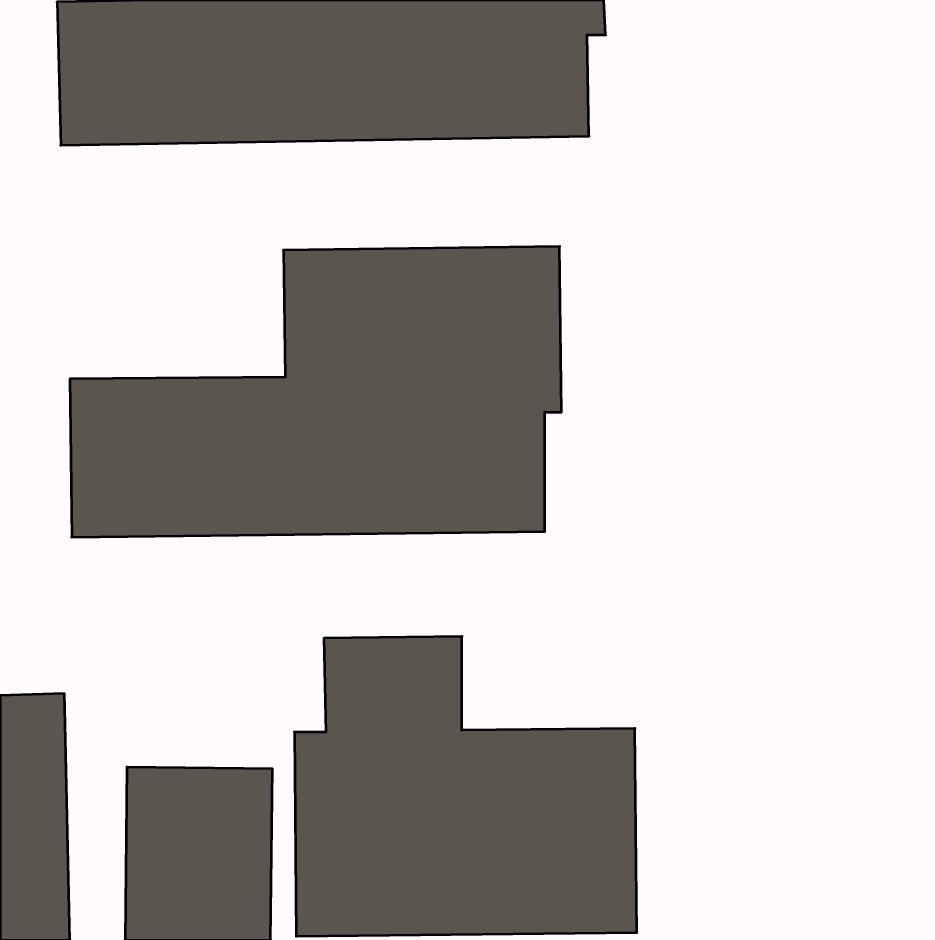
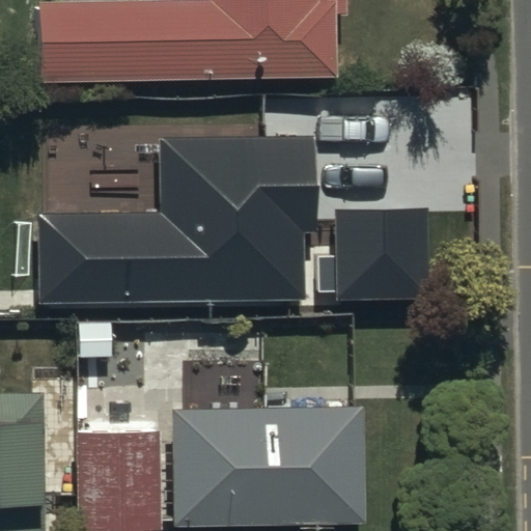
building: none -> [340,207,432,300]

